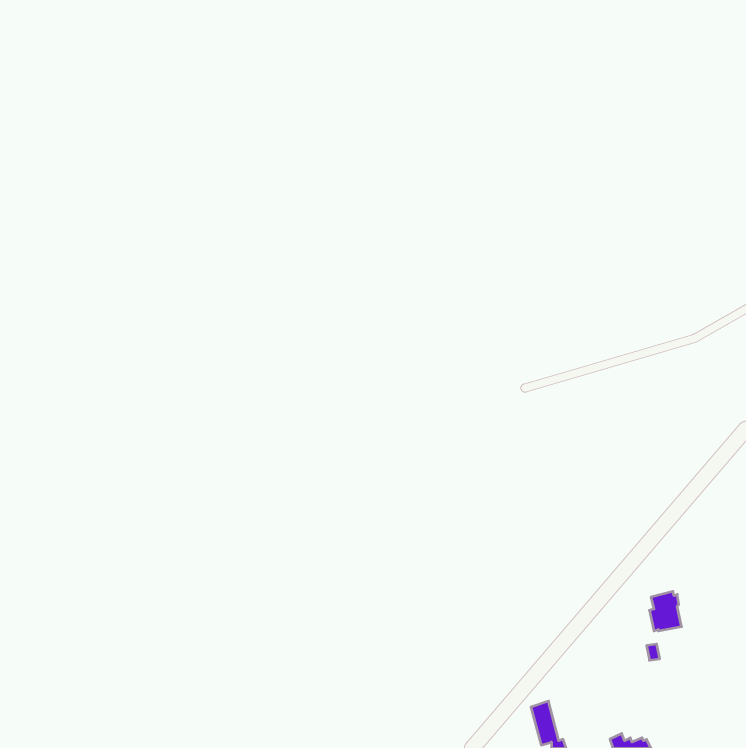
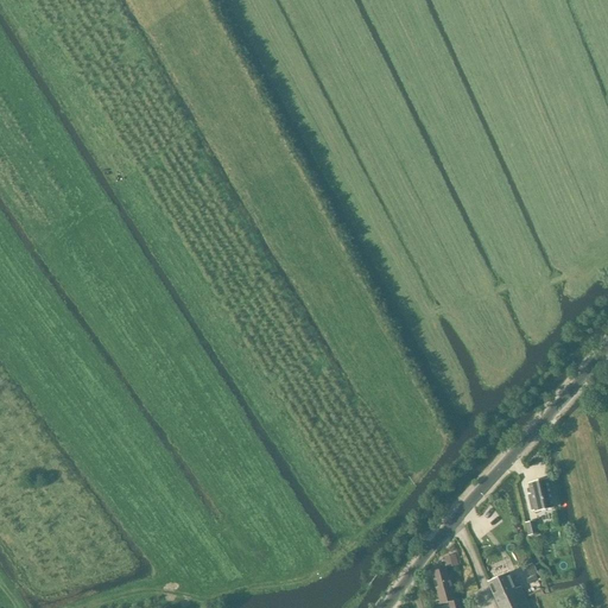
building: none -> [487,574,525,602]

